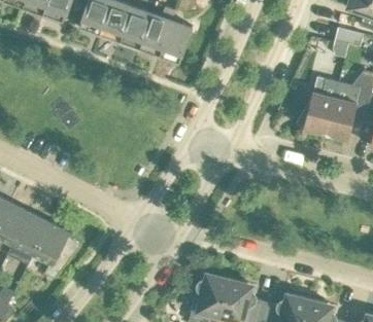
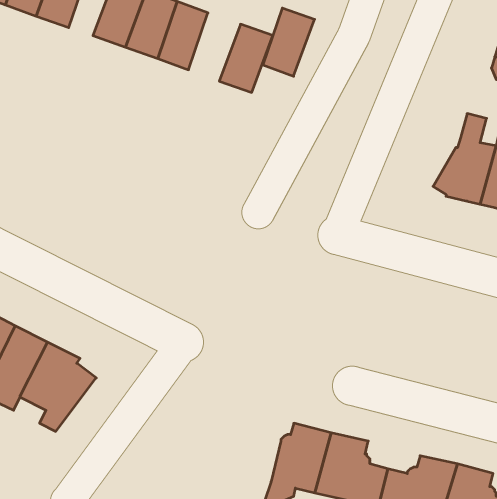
building: [139,12,172,56] -> [263,8,315,76]

